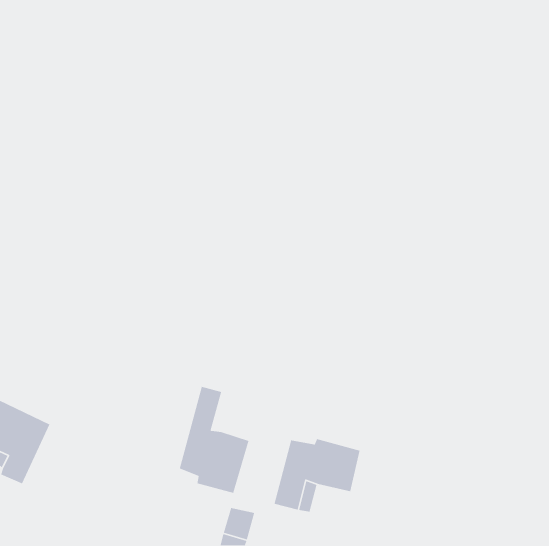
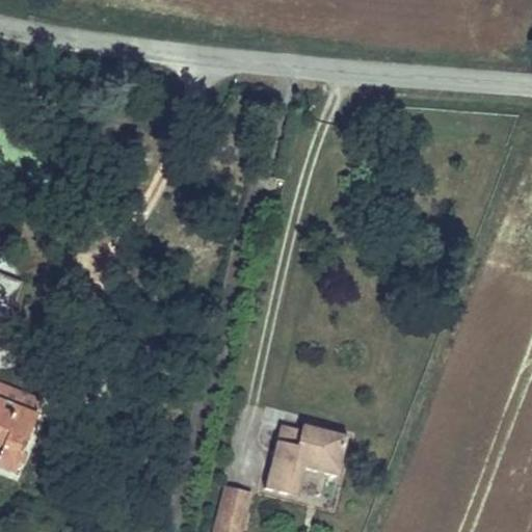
building: [179,386,249,494] -> none

